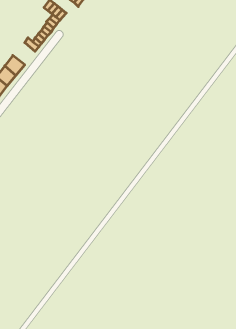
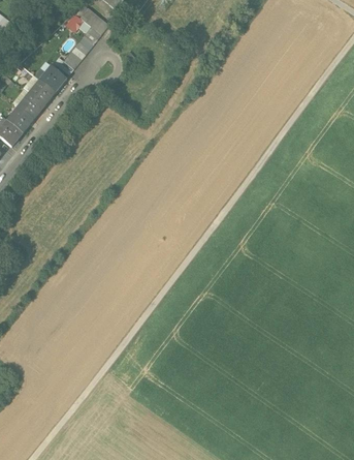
building: none -> [35,66,65,92]

